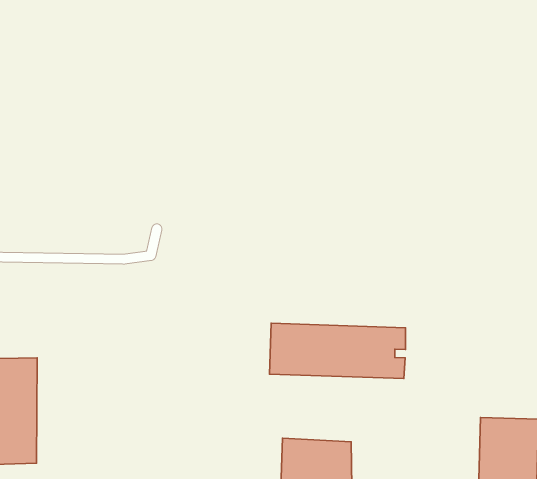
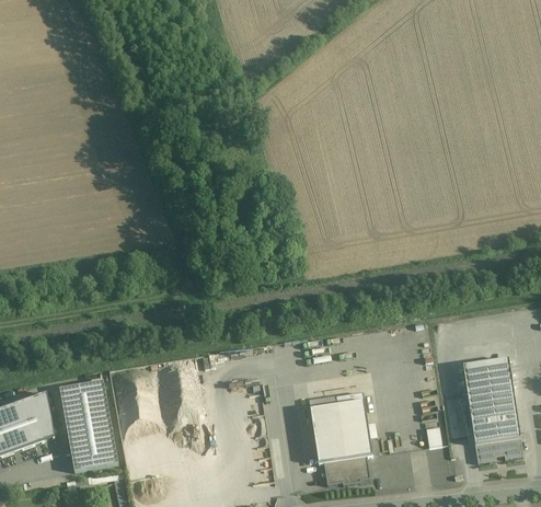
building: [270,323,406,379] -> none

